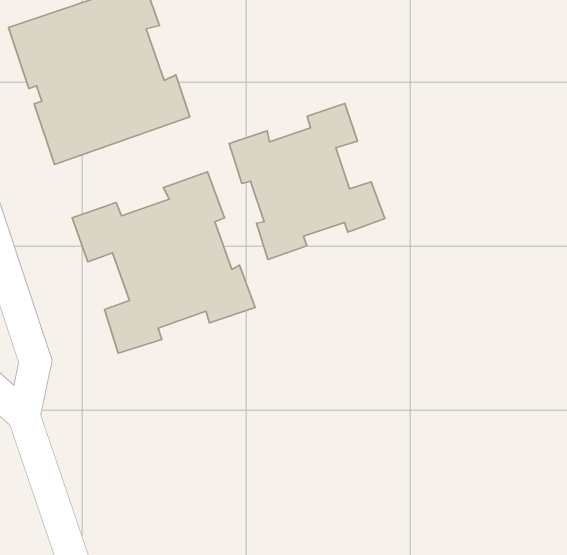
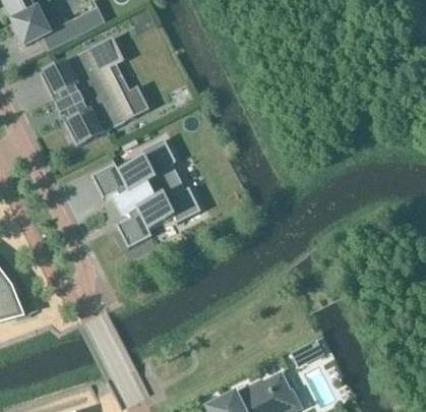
building: [229,103,385,260] -> none

